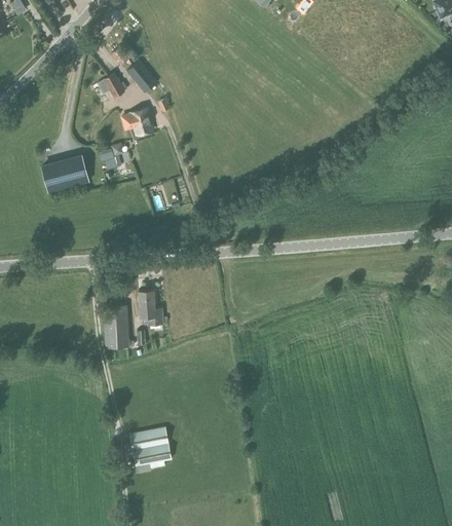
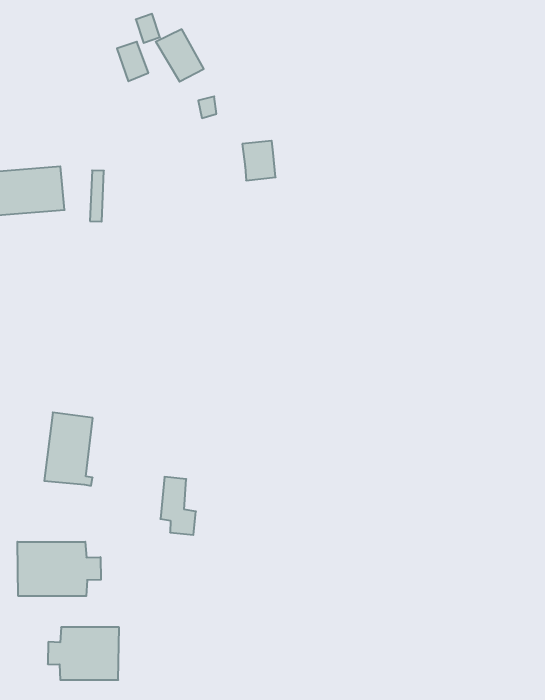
building: [129,108,153,135] -> [242,141,276,180]
building: [139,290,162,324] -> [160,477,196,535]
building: none -> [17,542,101,596]

